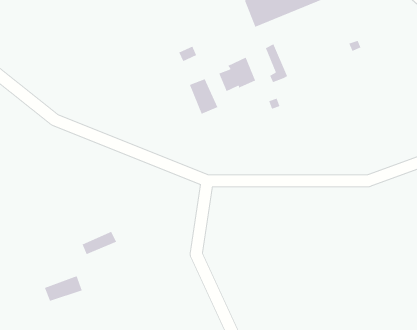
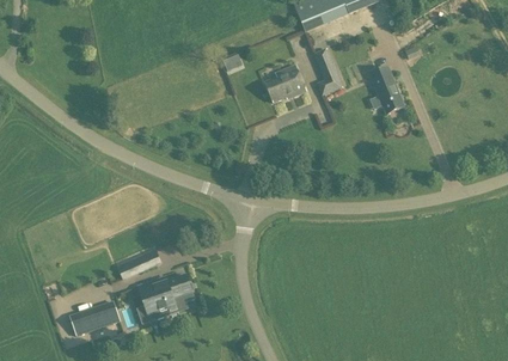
building: none -> [369,65,404,112]
building: [189,78,218,115] -> none
building: none -> [137,275,195,318]

